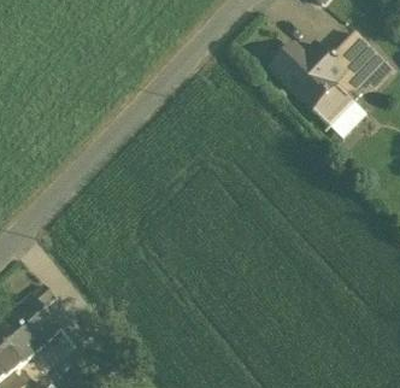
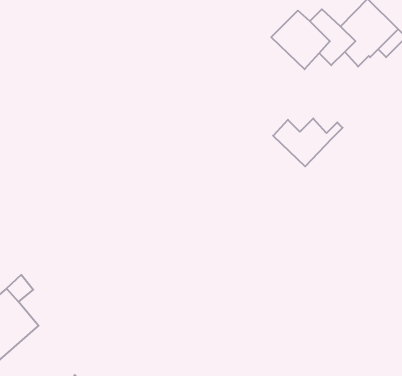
building: [299,82,361,125] -> [273,118,343,166]

